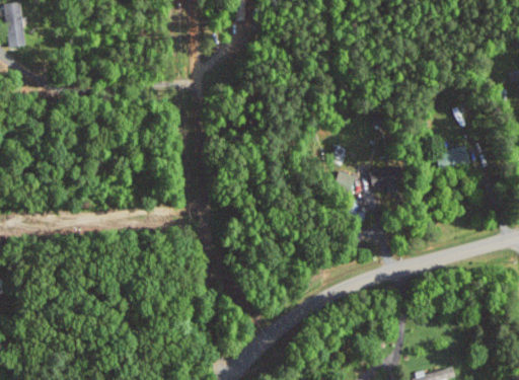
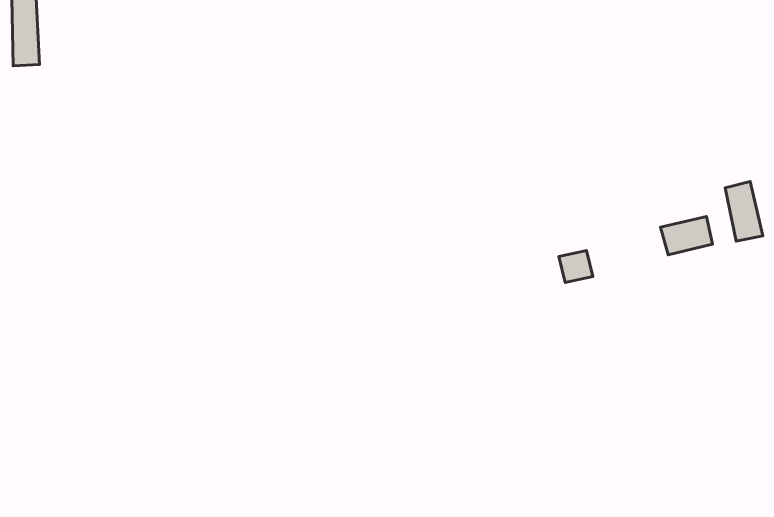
building: none -> [725,182,763,241]

